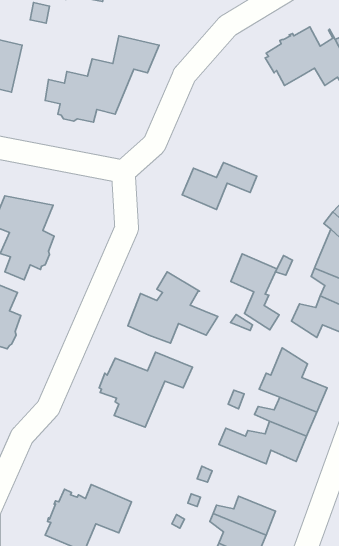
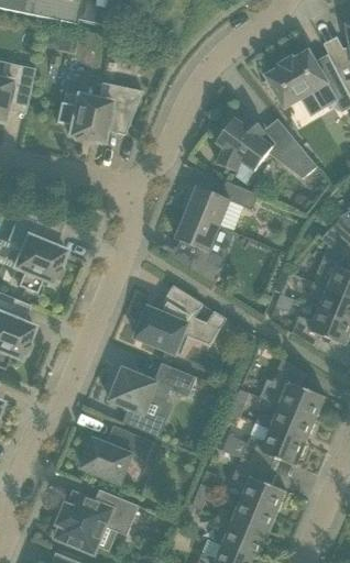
building: none -> [216,114,273,172]
building: none -> [273,139,317,178]
building: [231,254,279,330] -> [176,211,222,284]
building: none -> [81,424,154,483]
building: none -> [232,457,286,514]

